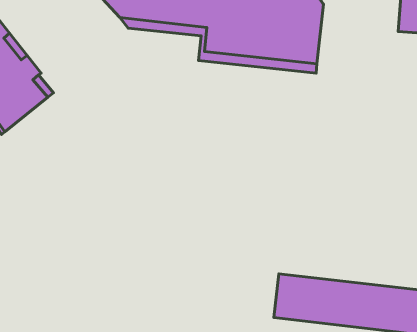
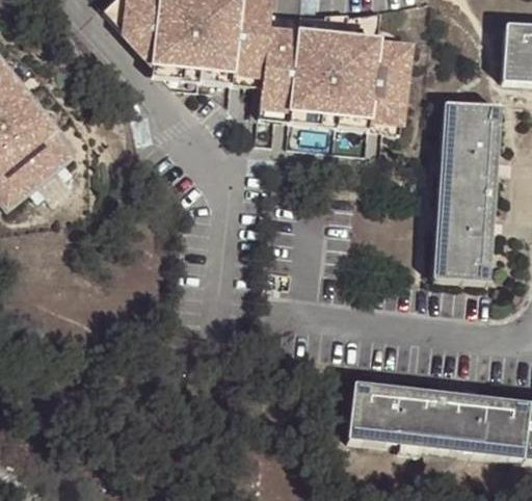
building: none -> [433,101,500,279]

